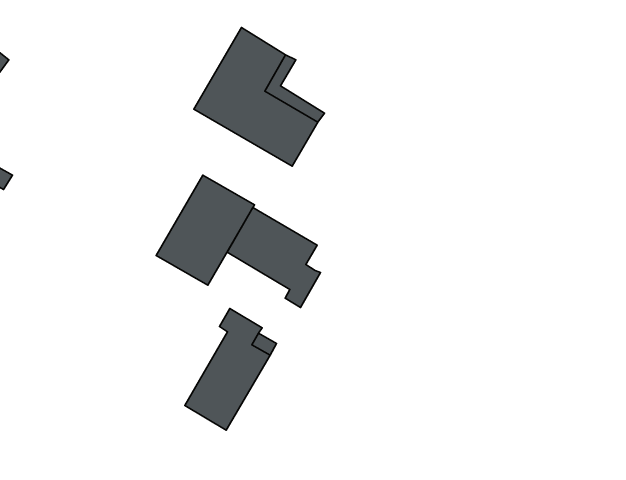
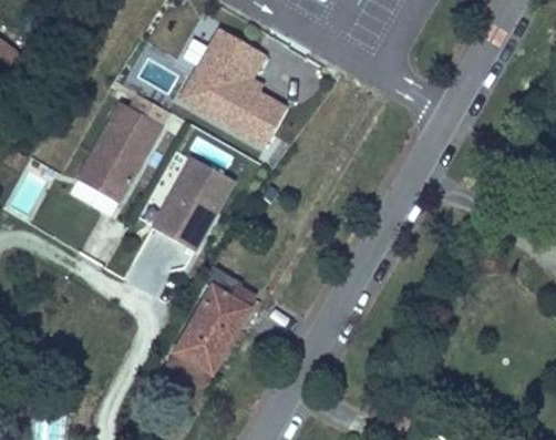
building: none -> [76,101,161,198]
building: [227,208,320,308] -> none

